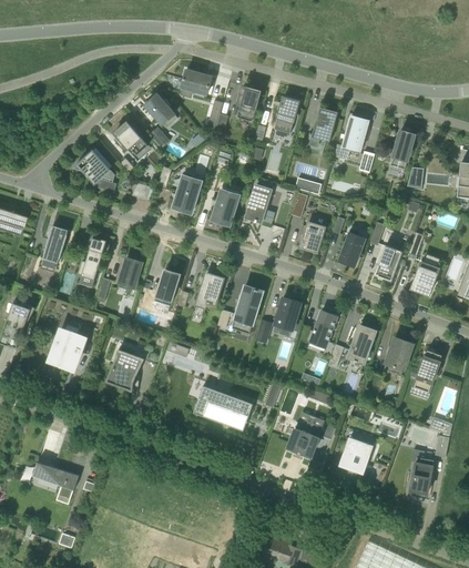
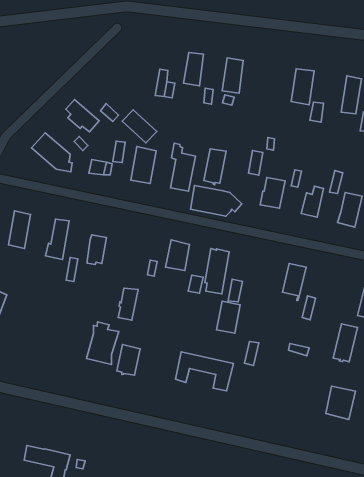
building: [179,70,211,98] -> none
building: [144,93,177,128] -> [122,110,157,143]
building: [310,106,337,141] -> none
building: none -> [190,186,242,216]
building: [156,270,180,303] -> [118,288,138,320]
building: [274,296,300,329] -> [217,301,240,333]
building: [347,324,375,363] -> [333,324,357,362]
building: [49,327,85,368] -> none
building: none -> [117,344,140,375]
building: [287,418,320,456] -> none

